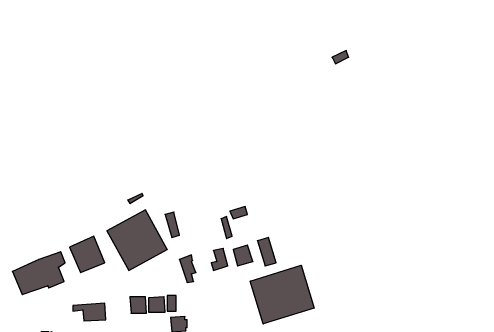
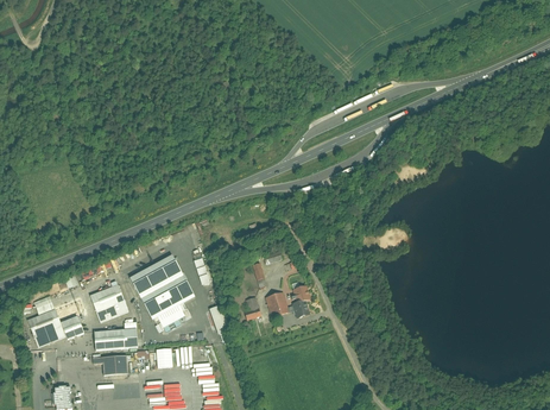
building: [250,265,314,324] -> none
building: none -> [94,328,138,349]

